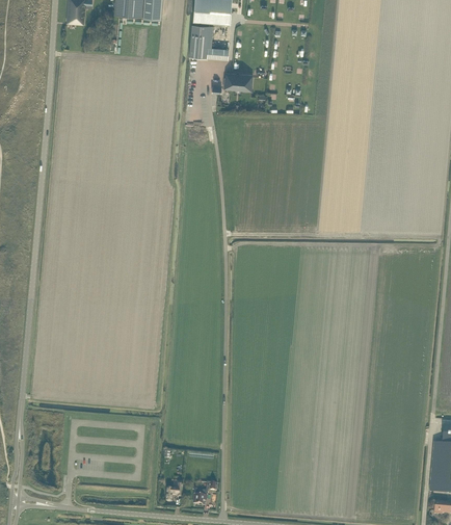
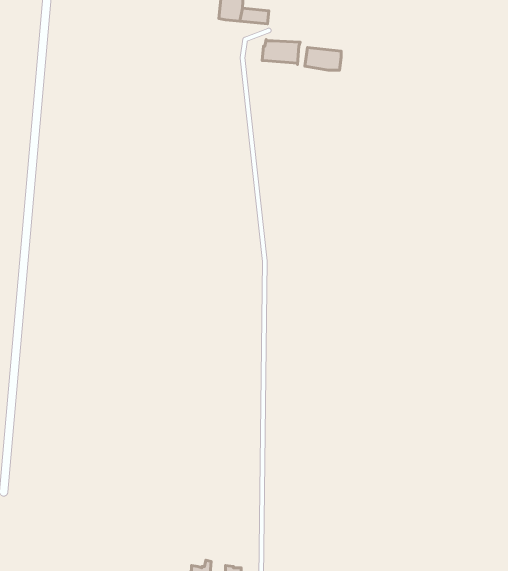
building: none -> [305,47,341,70]

